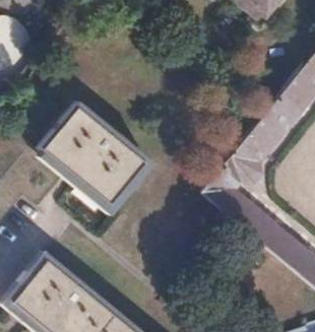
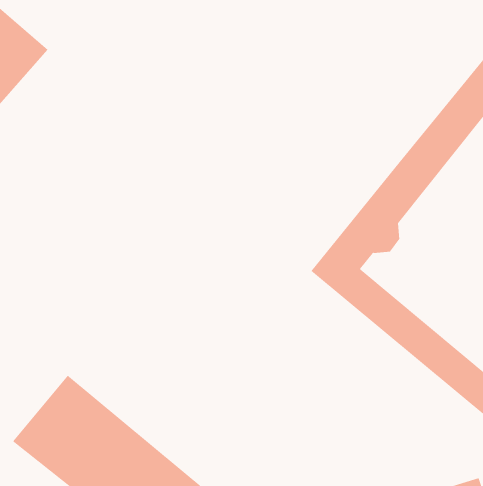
building: [40,107,143,206] -> none

